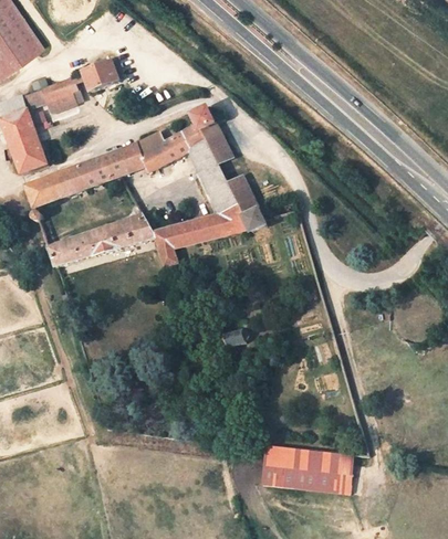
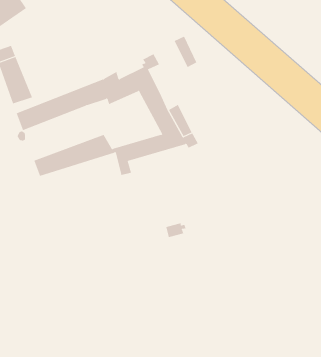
building: [25,62,118,110] -> none
building: [201,120,232,162] -> [174,36,197,68]
building: [260,444,353,493] -> none

